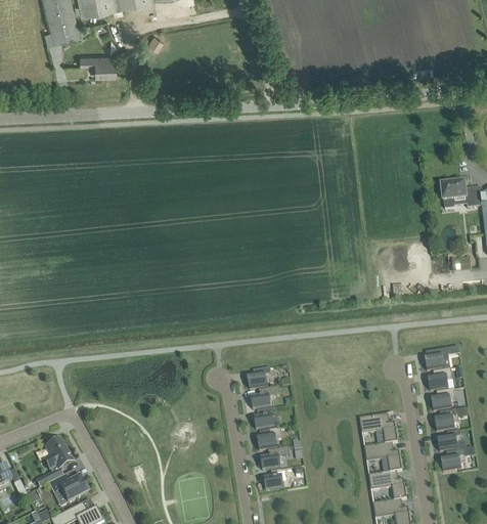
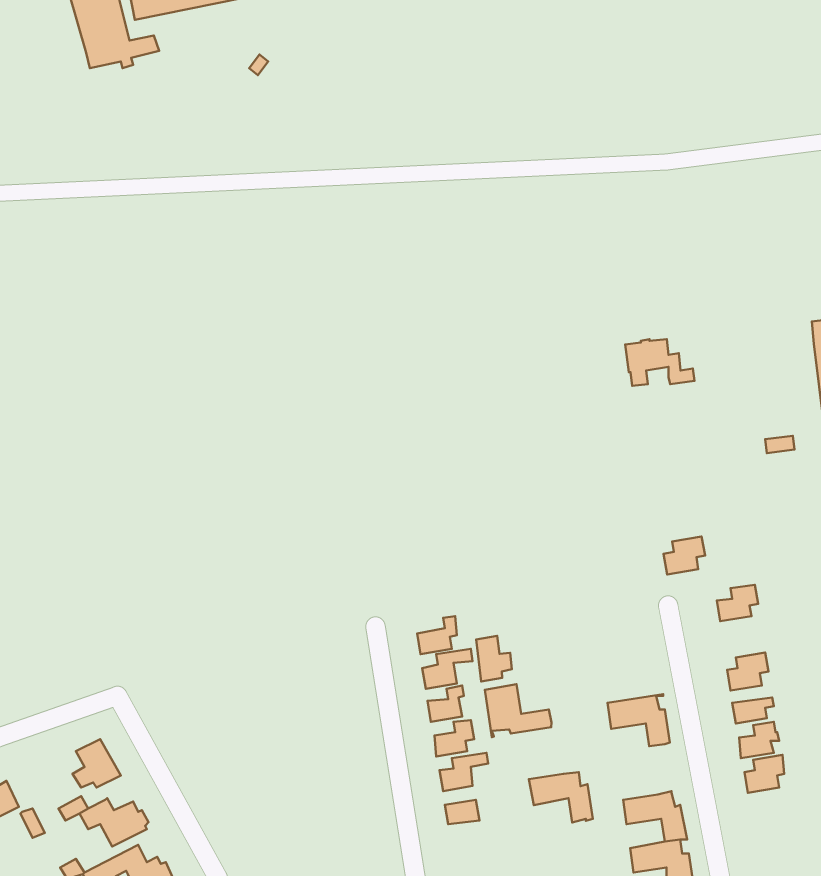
building: [80,54,114,75] -> none
building: [440,180,481,208] -> [625,339,694,386]
building: [427,366,451,389] -> [664,536,705,574]
building: none -> [476,636,512,681]
building: none -> [485,684,552,737]
building: [363,441,401,471] -> [529,772,593,822]

